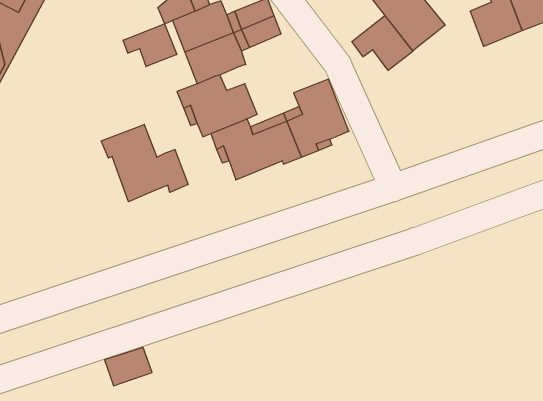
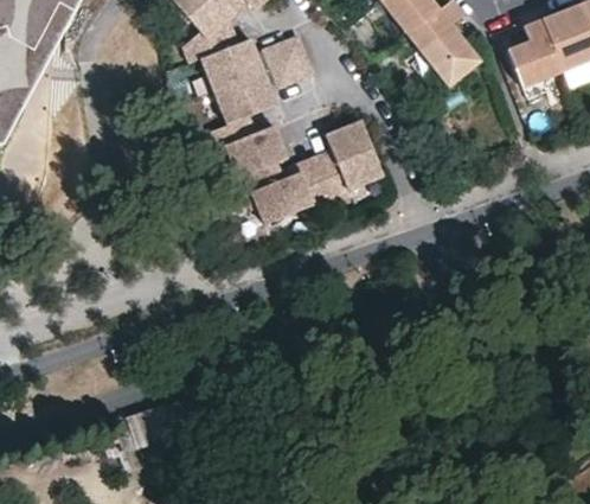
building: [352,16,413,70] -> none
building: [123,24,177,67] -> none
building: [101,124,188,202] -> none

